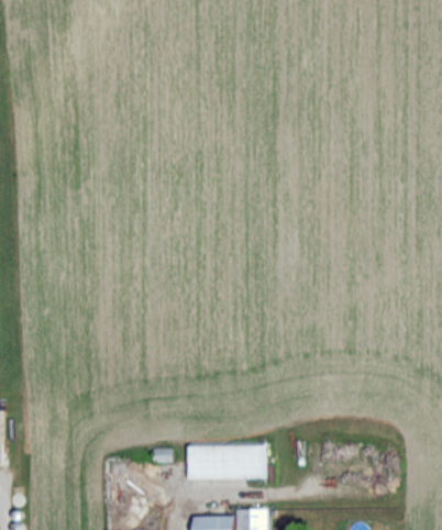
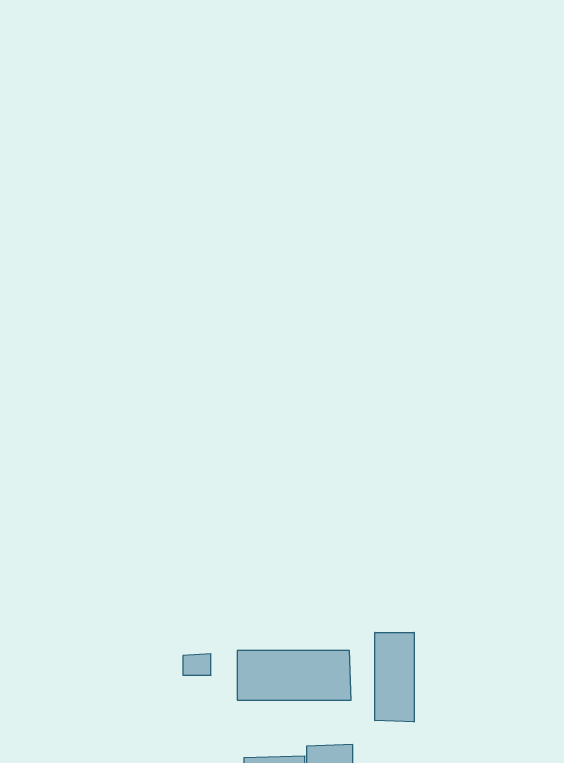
building: none -> [375,632,414,722]

